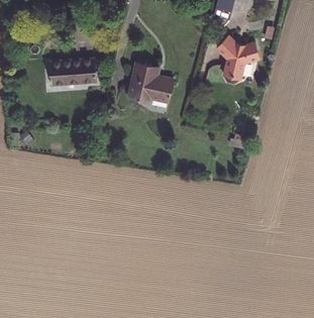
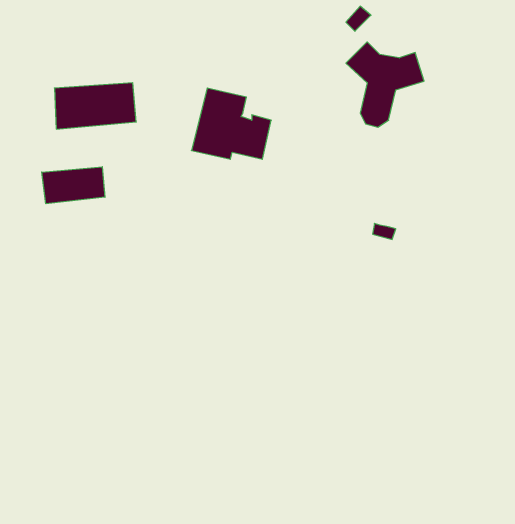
building: none -> [42,167,105,204]

